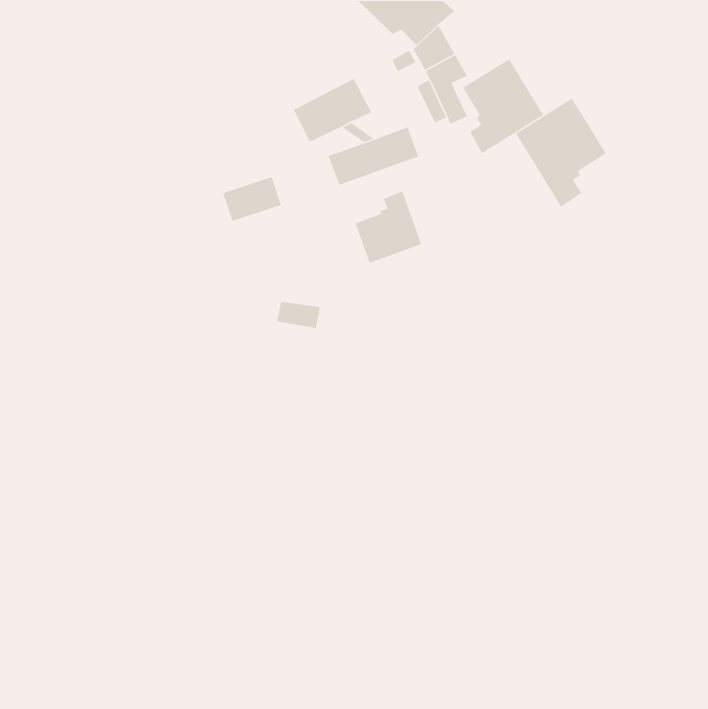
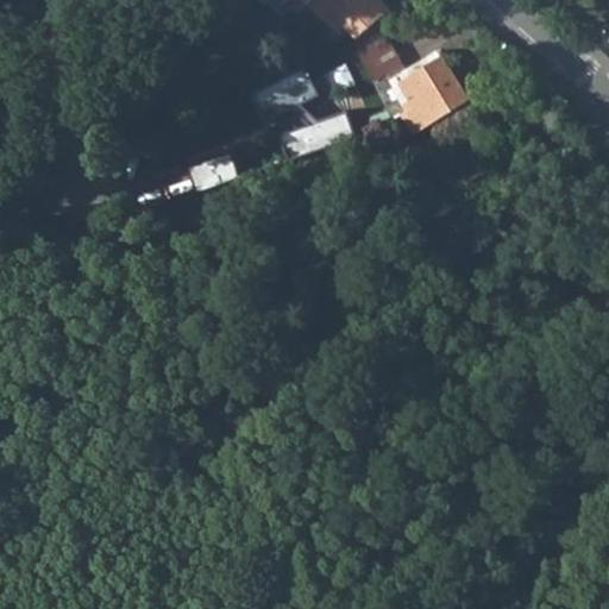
building: [515,98,607,208] -> none
building: [355,190,422,264] -> none

